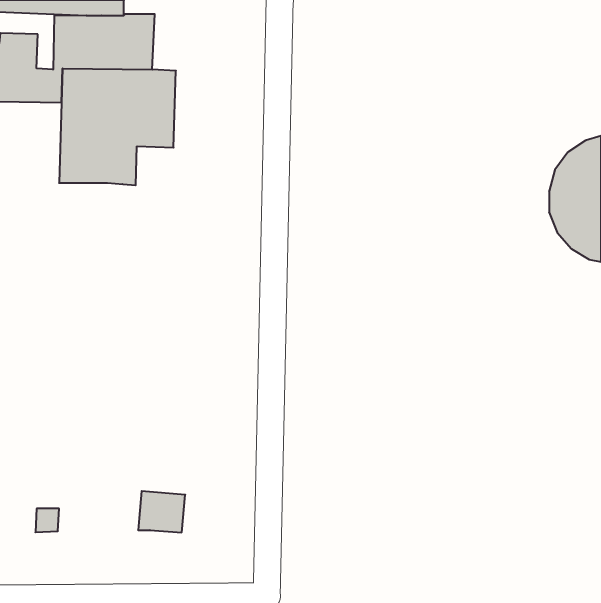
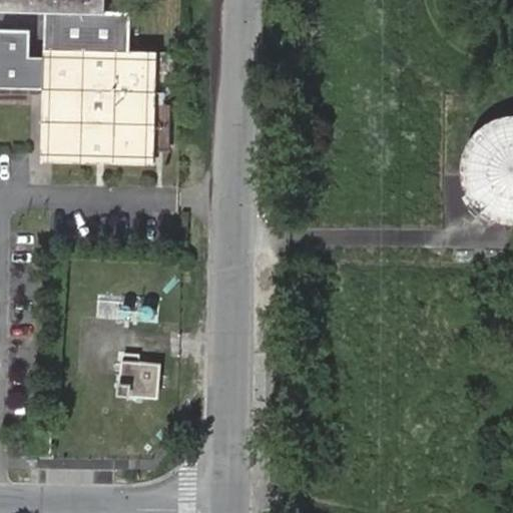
building: none -> [115,124,147,157]
building: [138,491,185,532] -> [119,362,159,397]

